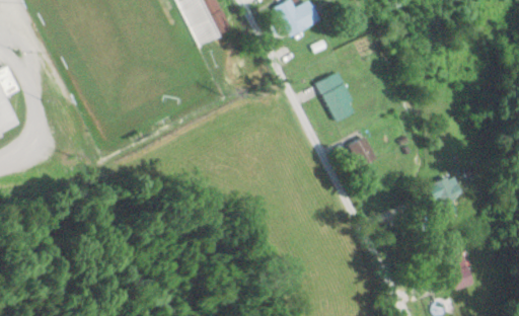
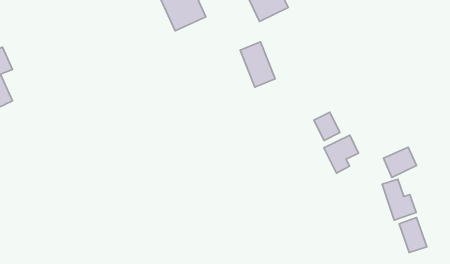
building: [317,71,356,121] -> [240,42,275,87]
building: none -> [324,135,359,173]
building: none -> [382,179,416,220]

